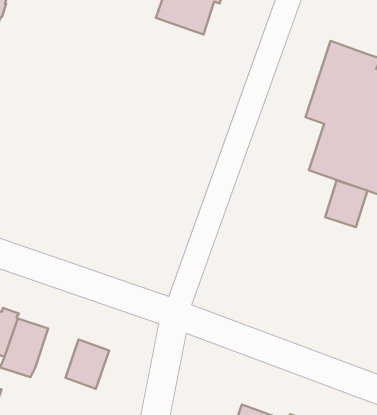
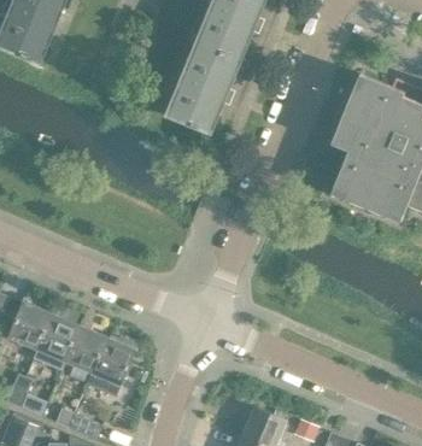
building: none -> [166,41,240,131]
building: [325,181,367,227] -> none
building: none -> [64,324,106,371]

